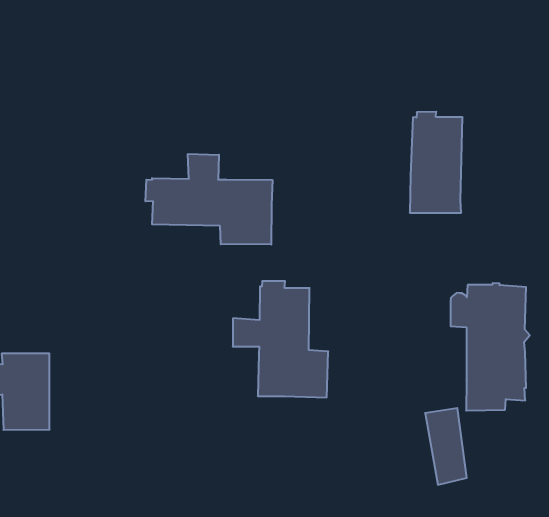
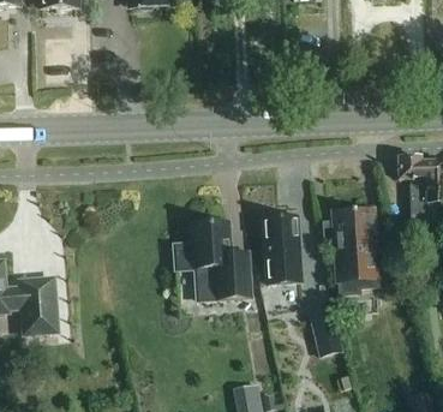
building: [410,112,463,213] -> [264,214,301,283]
building: [145,154,272,245] -> none

